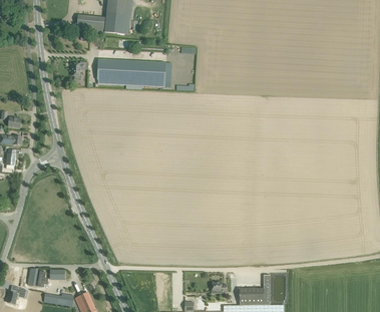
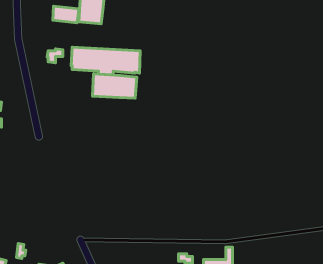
building: none -> [93,74,137,98]

